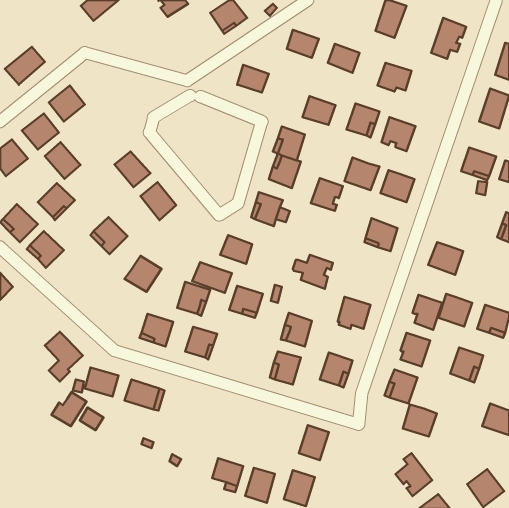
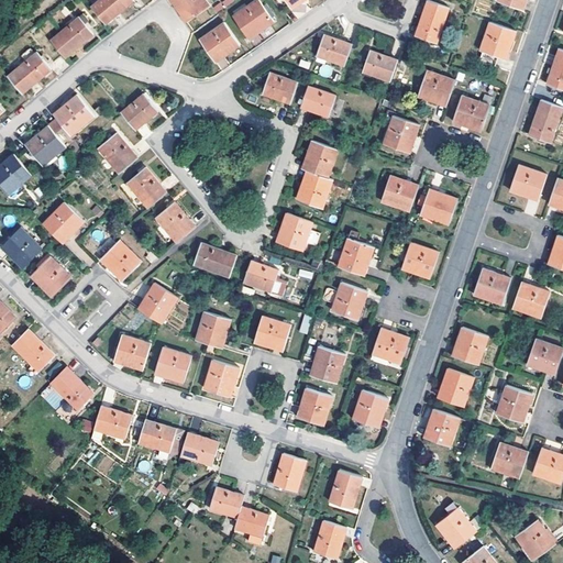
building: none -> [48,15,91,58]
building: none -> [199,22,239,63]
building: none -> [120,93,157,130]
building: [303,96,335,125] -> [299,85,335,117]
building: [381,117,415,151] -> [451,96,488,133]
building: [45,142,81,179] -> [97,133,136,174]
building: [311,178,343,211] -> [338,239,373,275]
building: [192,262,232,293] -> [194,243,238,277]
building: [438,294,472,327] -> [512,282,550,318]
building: none -> [11,329,54,373]
building: none -> [113,334,152,371]
building: none -> [180,433,220,466]
building: [52,392,86,426] -> none
building: [403,405,437,436] -> [492,442,529,477]
building: none -> [211,488,245,518]
building: [245,468,275,503] -> [274,454,307,493]

